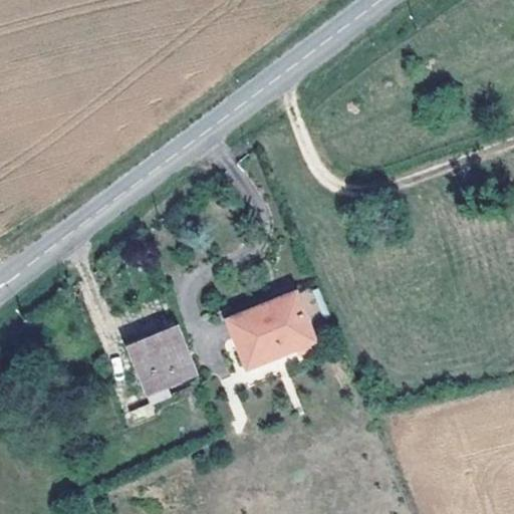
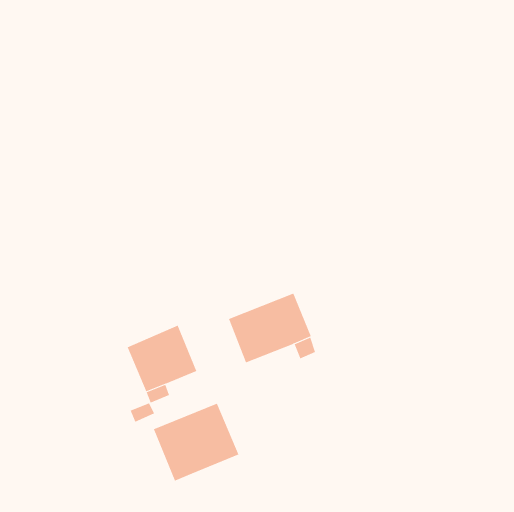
building: none -> [153,403,239,482]

